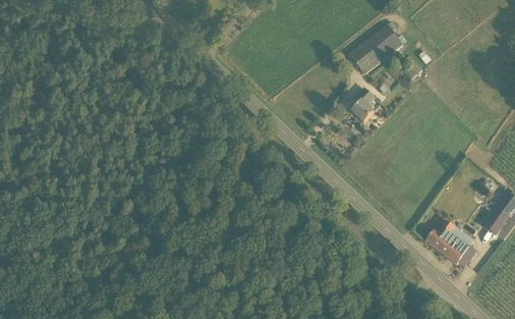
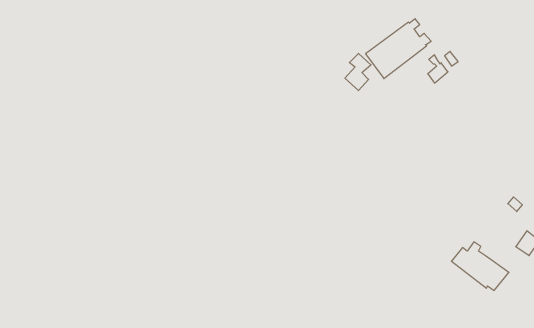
building: [350,89,374,122] -> [345,53,371,91]

